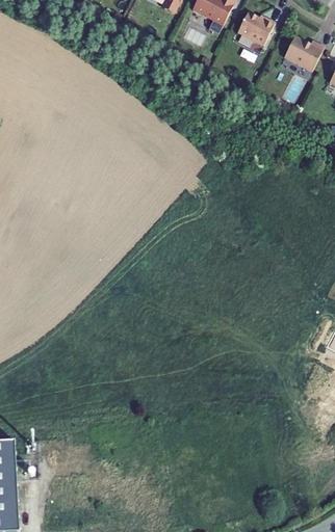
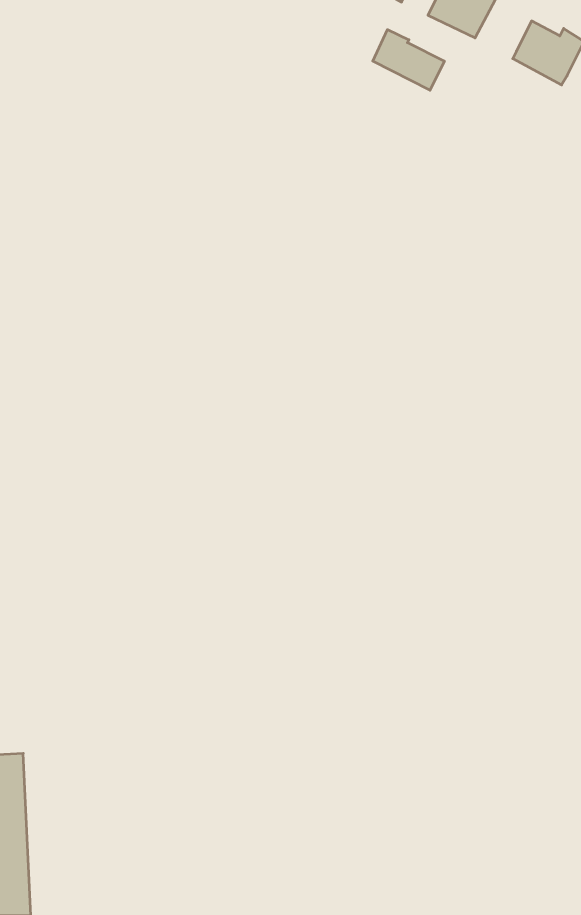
building: none -> [373,30,444,90]

